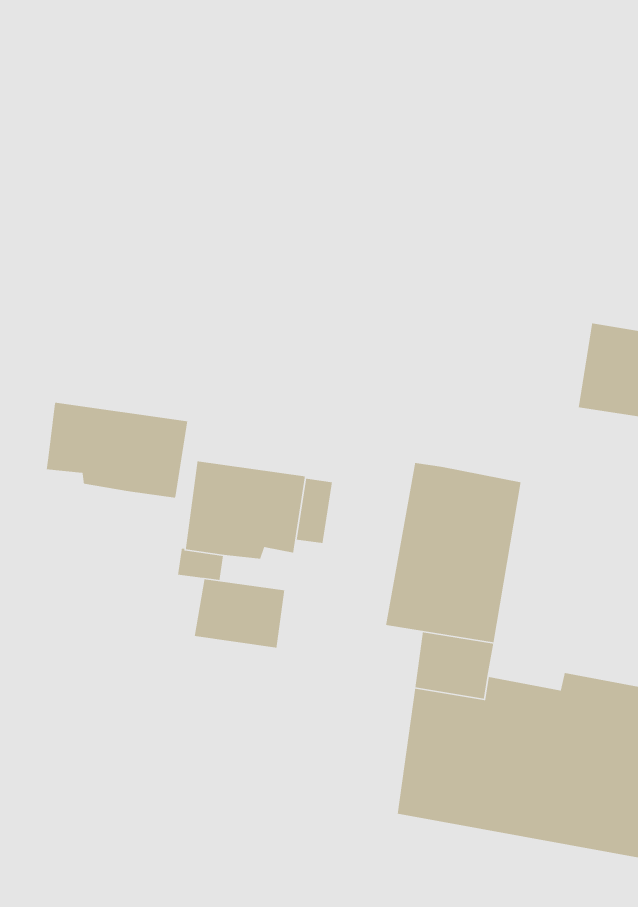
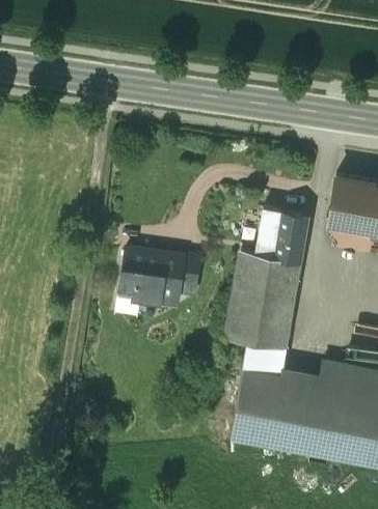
building: none -> [256,210,307,263]
building: [46,402,188,498] -> none
building: [194,579,285,649] -> none

